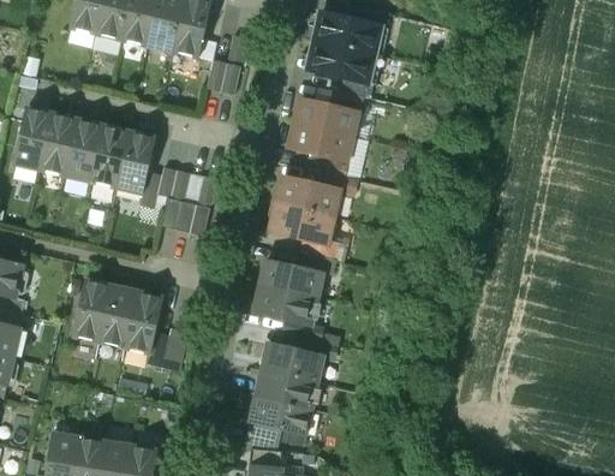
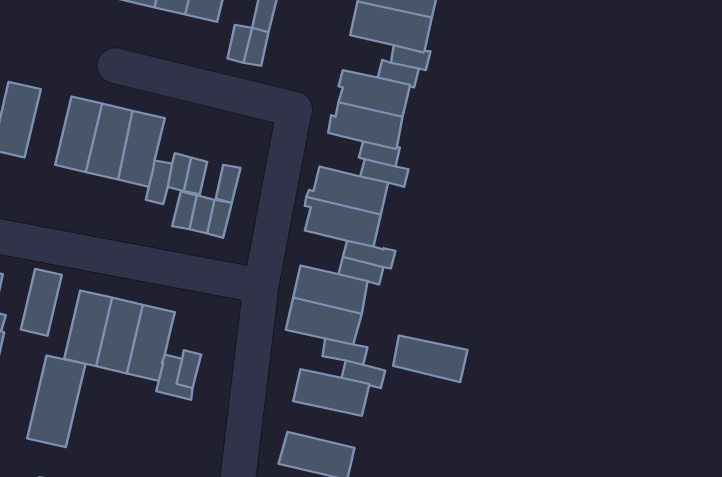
building: [40,113,78,175] -> none
building: none -> [21,269,62,336]
building: none -> [27,356,85,447]
building: [256,370,317,409] -> [393,335,467,382]

